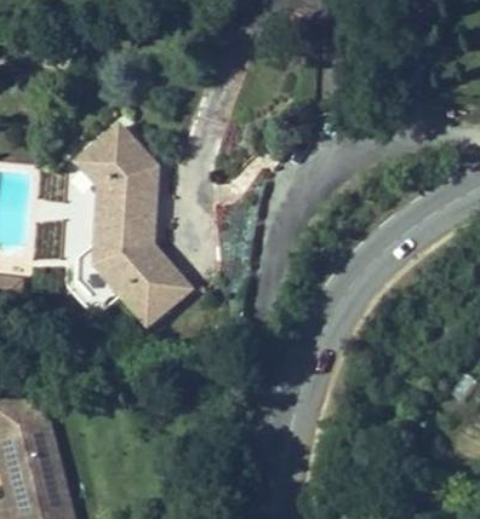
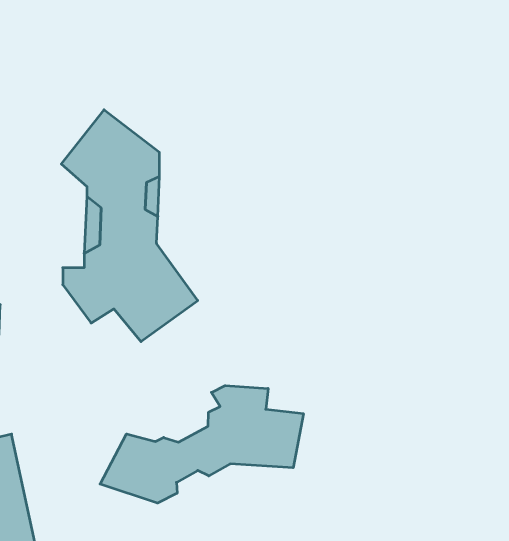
building: none -> [100,386,303,503]

